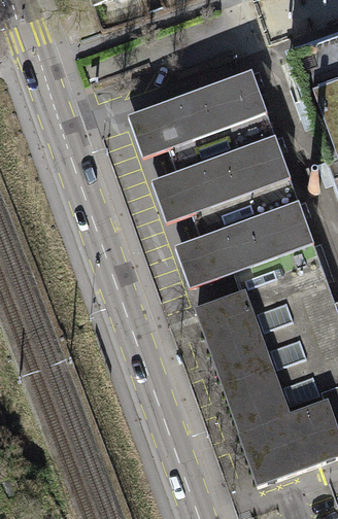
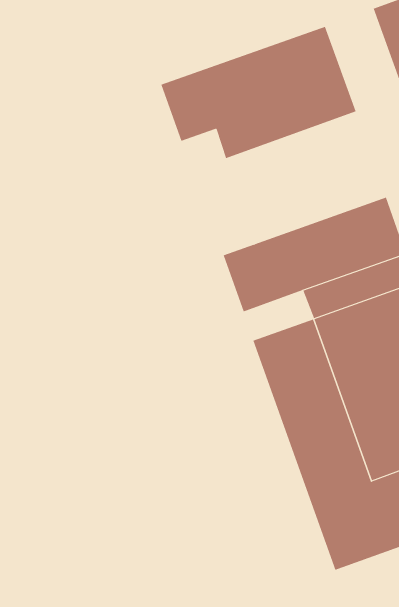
building: [150,135,299,236] -> none

